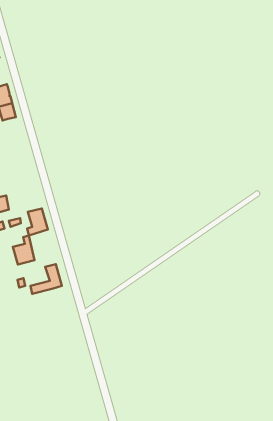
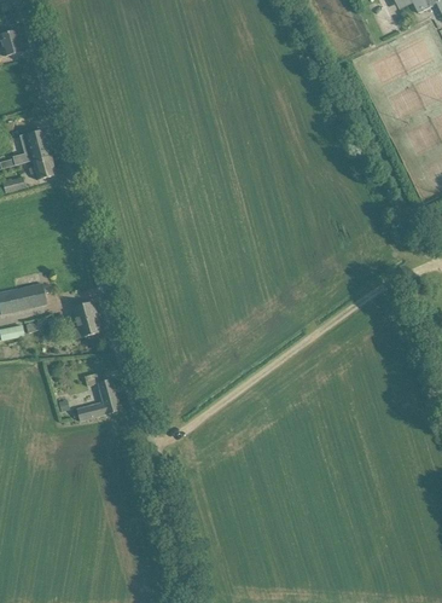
building: [13,235,35,264] -> none

